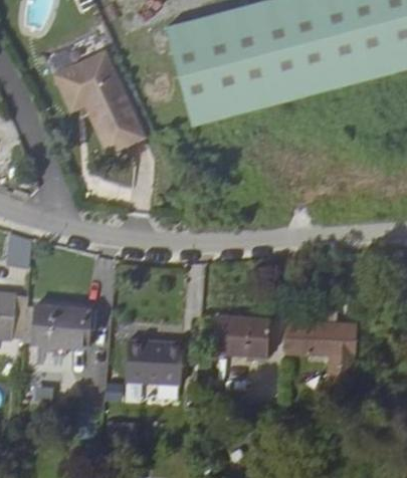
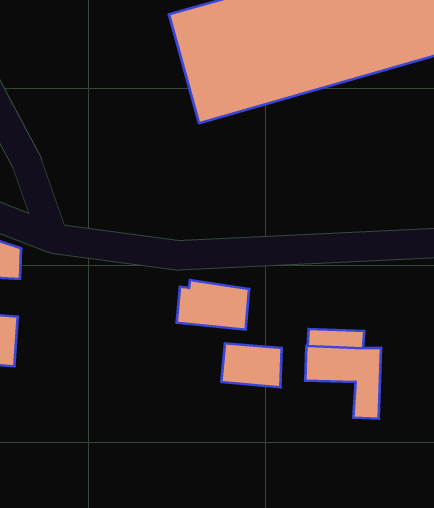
building: [45,49,143,154] -> none
building: [35,312,92,362] -> none
building: [111,337,176,382] -> [177,280,249,329]

